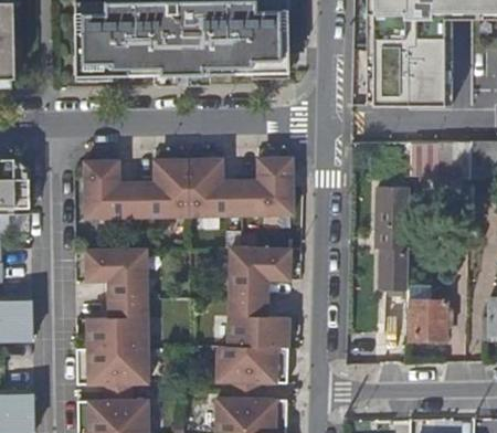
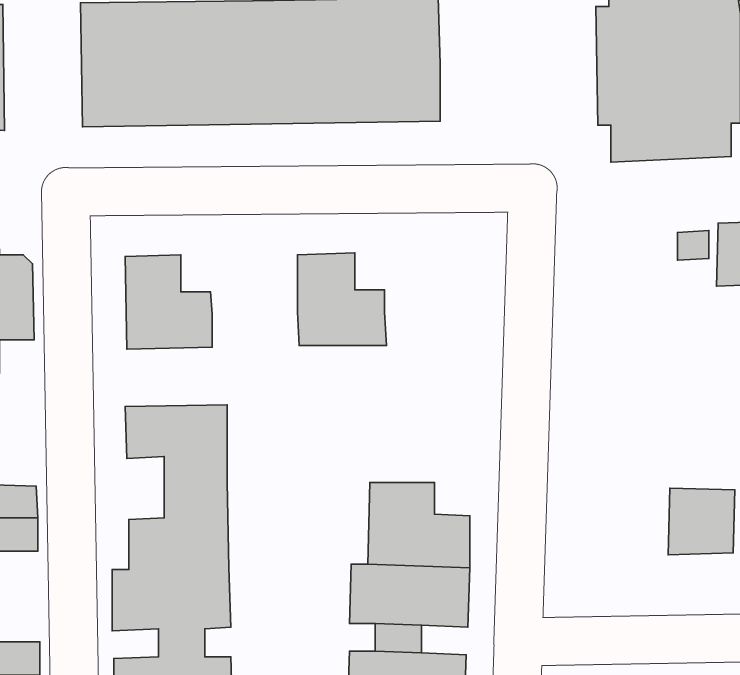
building: [239,159,292,215] -> none
building: [135,161,188,216] -> none
building: [372,181,409,284] -> none
building: [230,247,292,297] -> none

